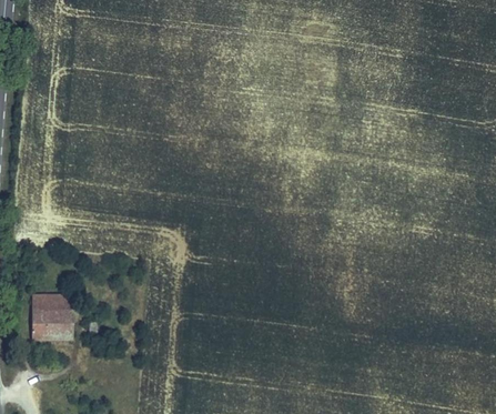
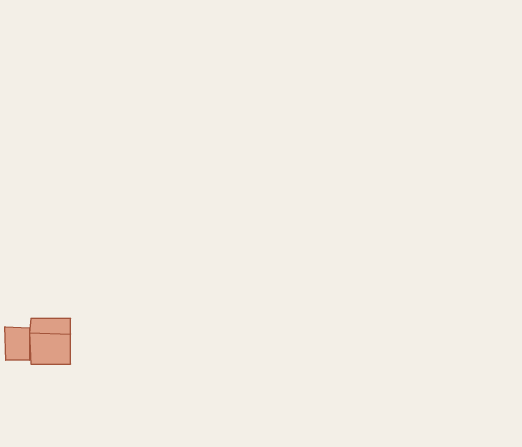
building: none -> [5,327,30,360]

